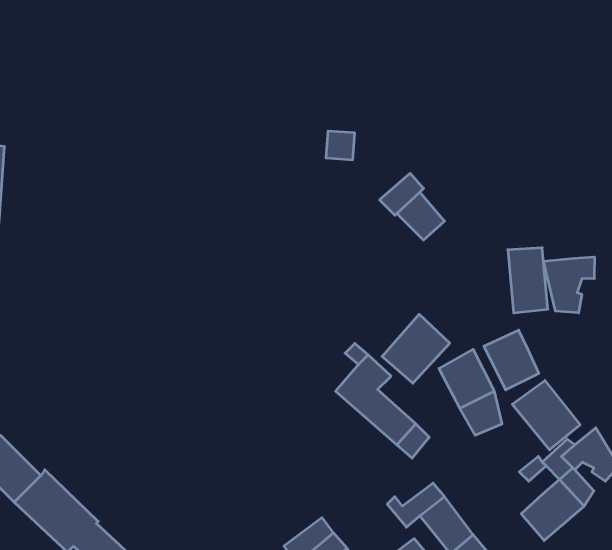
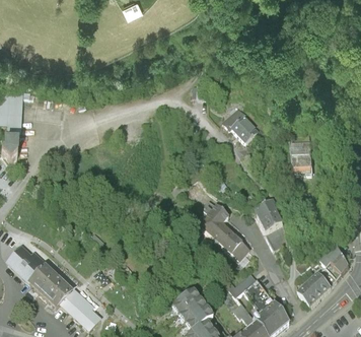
building: [543,257,594,313] -> none
building: [382,314,450,383] -> none
building: [484,330,539,390] -> none
building: [512,380,580,450] -> none

